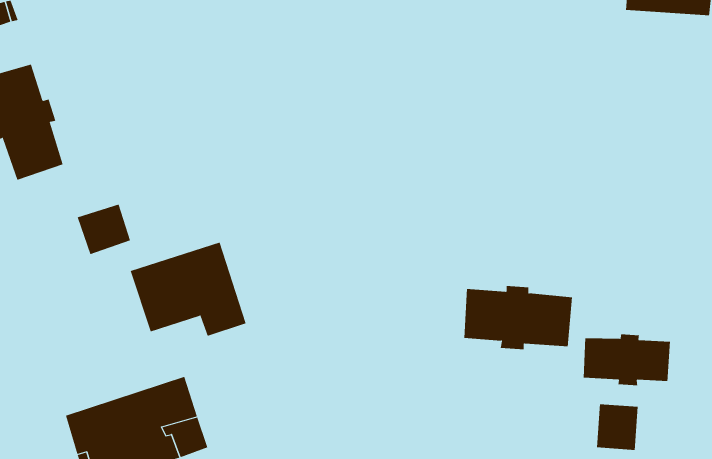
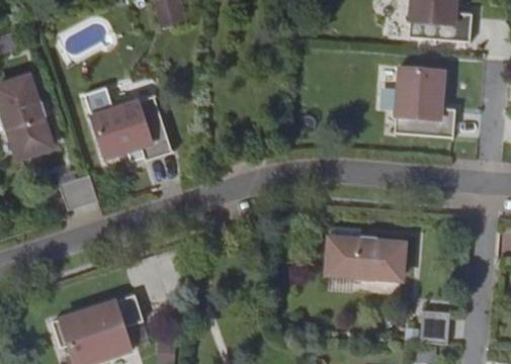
building: none -> [393,70,454,140]
building: [130,242,247,336] -> [90,95,171,161]
building: [583,334,671,386] -> none

